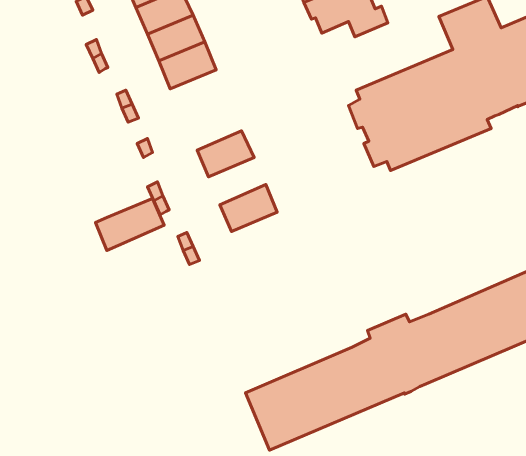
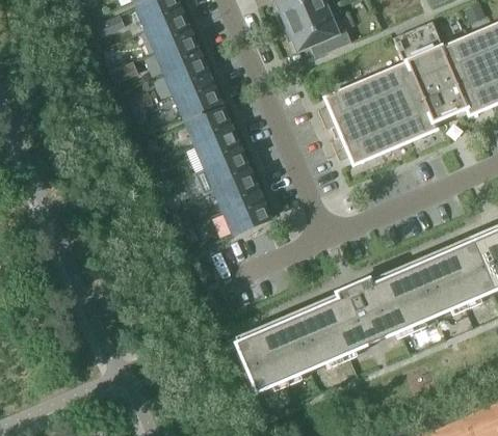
building: none -> [173,80,219,117]
building: none -> [185,108,231,145]
building: [95,198,164,251] -> [194,152,251,194]
building: none -> [222,196,269,234]

